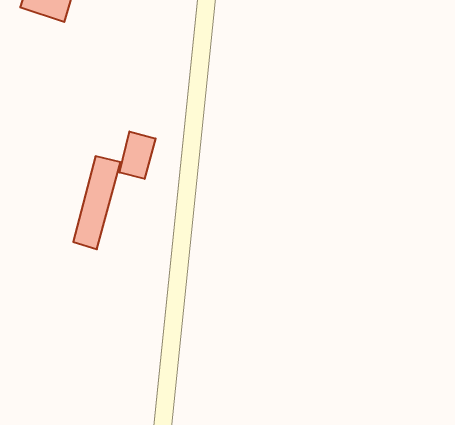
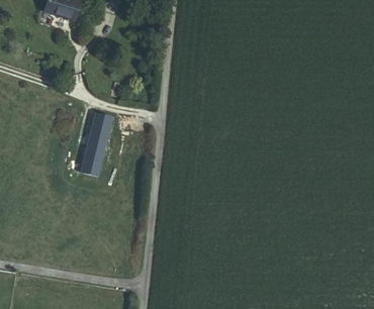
building: [120,131,156,179] -> none

